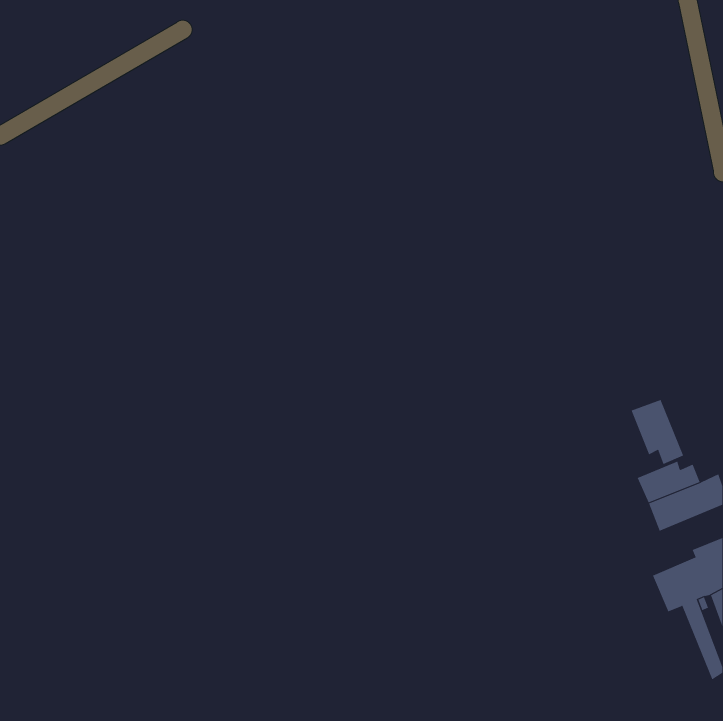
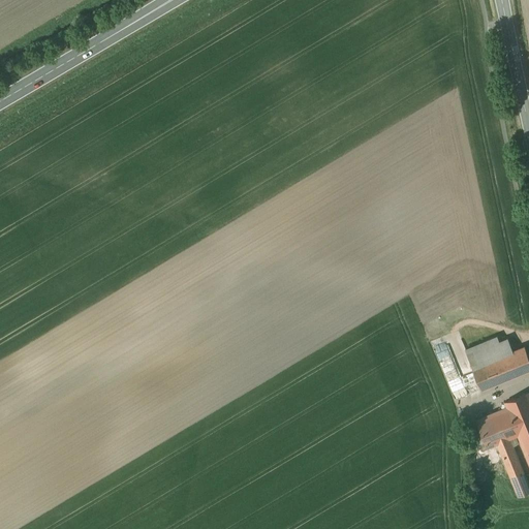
building: [631,399,684,465] -> none

